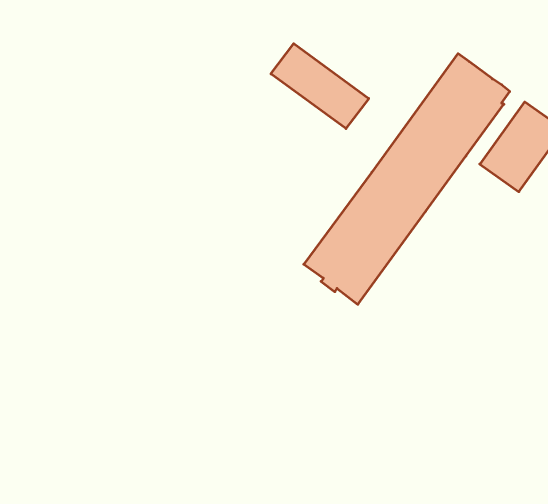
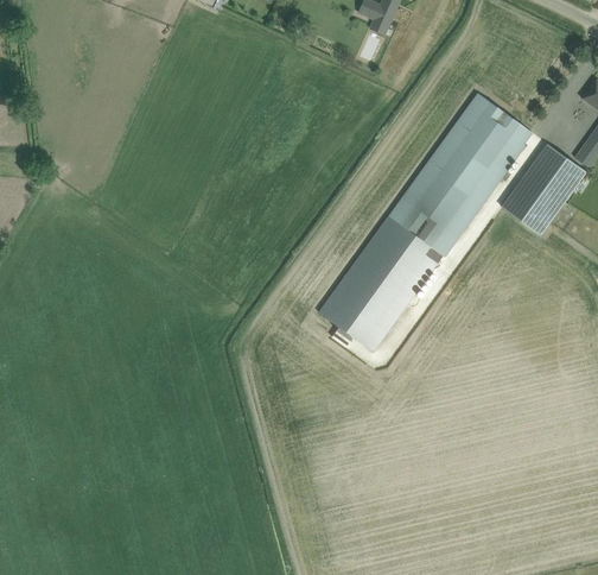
building: [271,44,369,129] -> none

